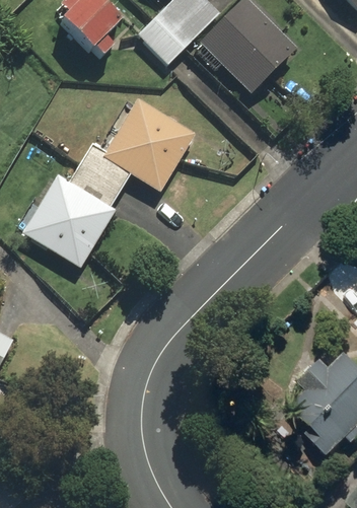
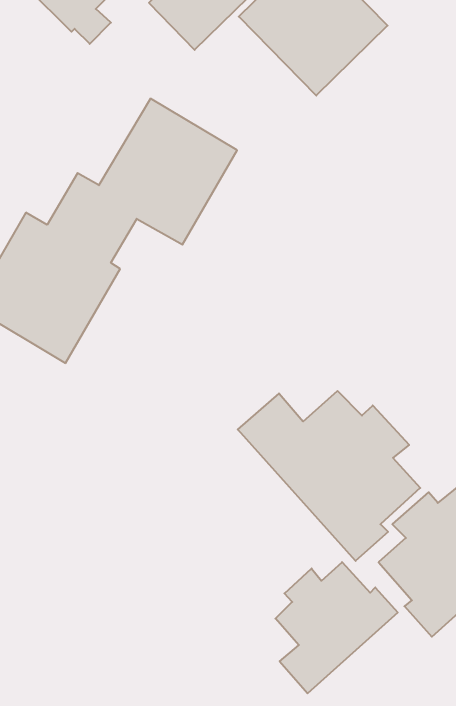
building: none -> [238,391,420,561]
building: none -> [275,562,398,693]

